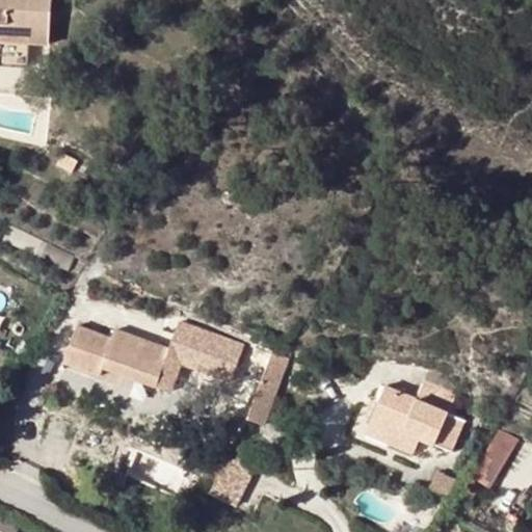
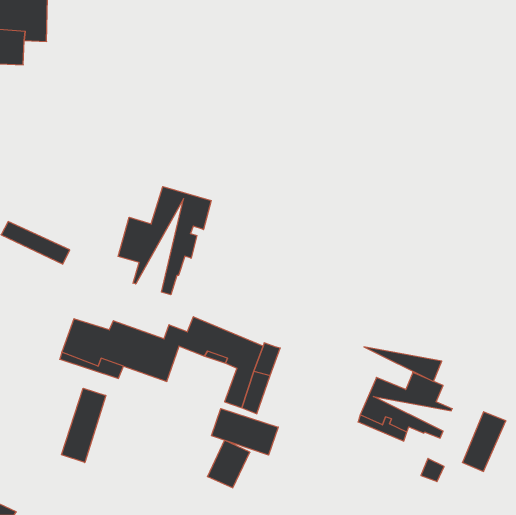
building: none -> [118,187,211,295]
building: none -> [61,388,106,463]
building: [383,407,463,443] -> [364,347,442,381]
building: none -> [212,409,278,455]

